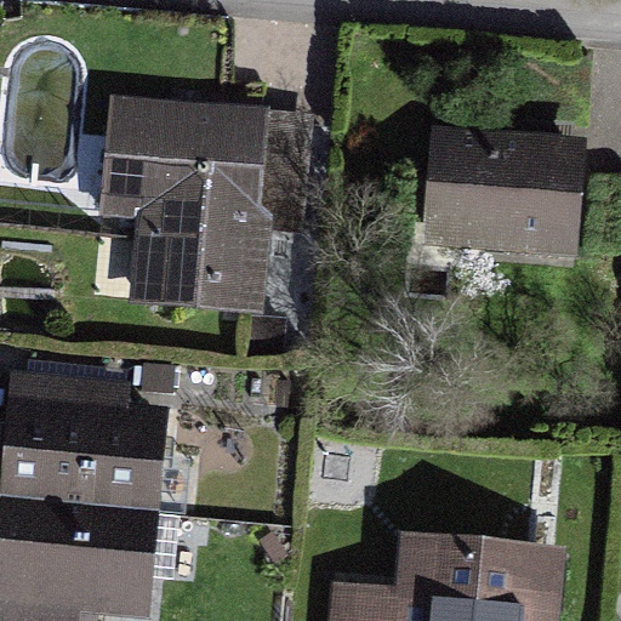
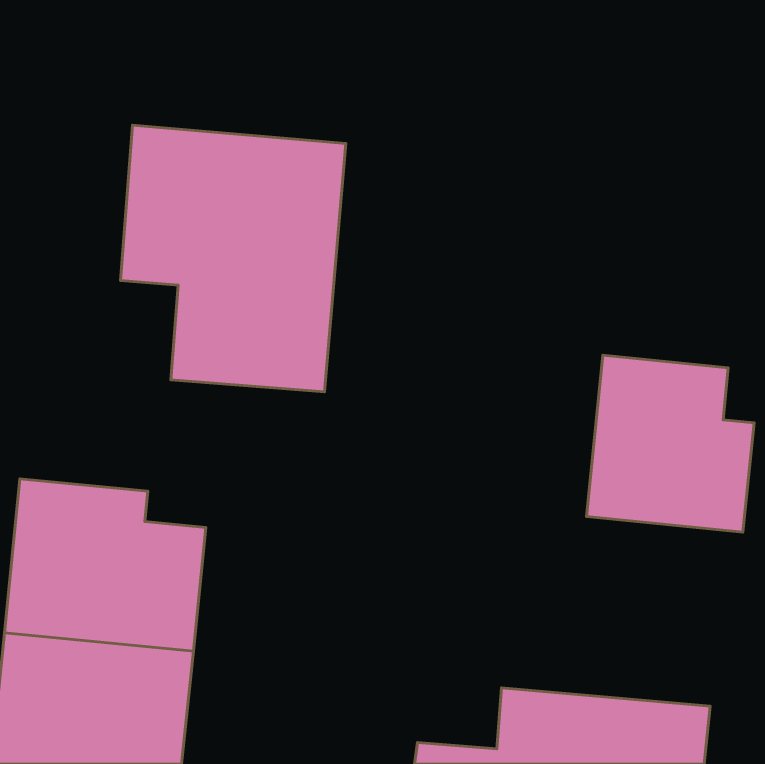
building: [422,132,588,255] -> none
building: none -> [586,355,754,532]

